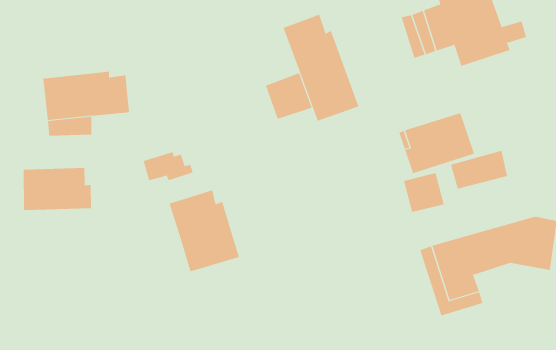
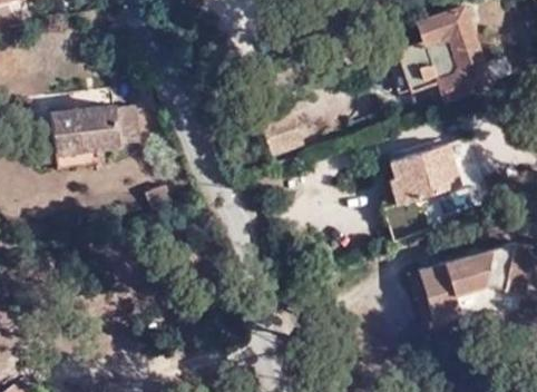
building: [283,14,359,122] -> none
building: [23,167,92,211] -> none
building: [169,190,239,272] -> none

